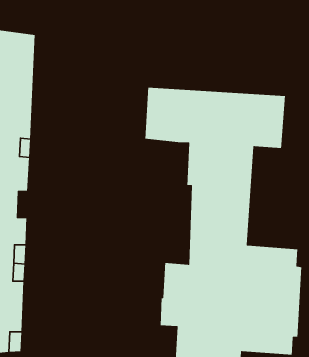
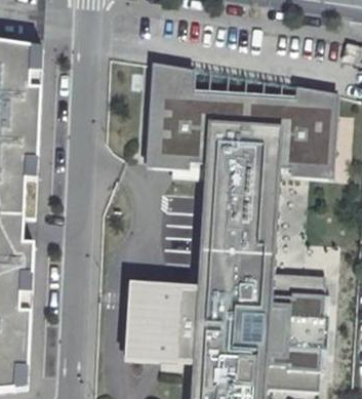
building: none -> [151,73,331,175]
building: none -> [135,287,180,358]

